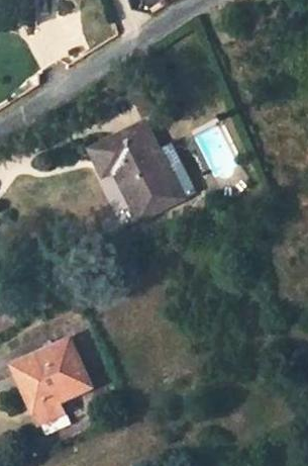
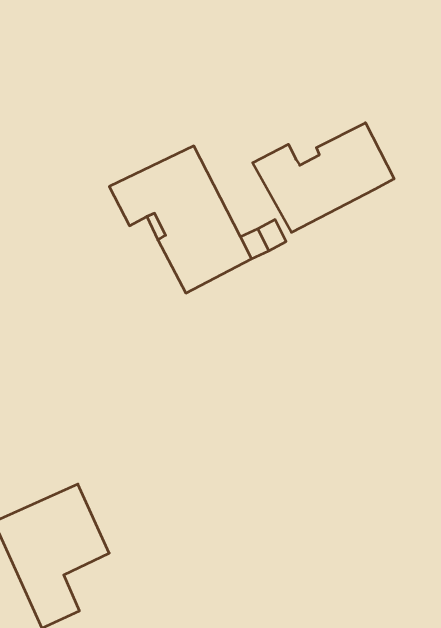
building: none -> [253,123,394,232]

